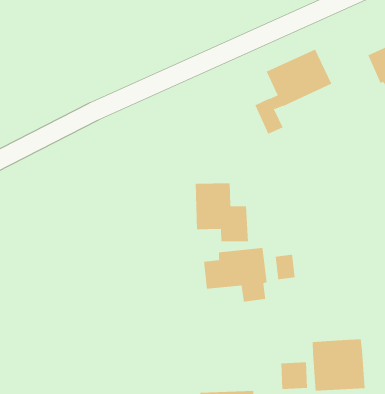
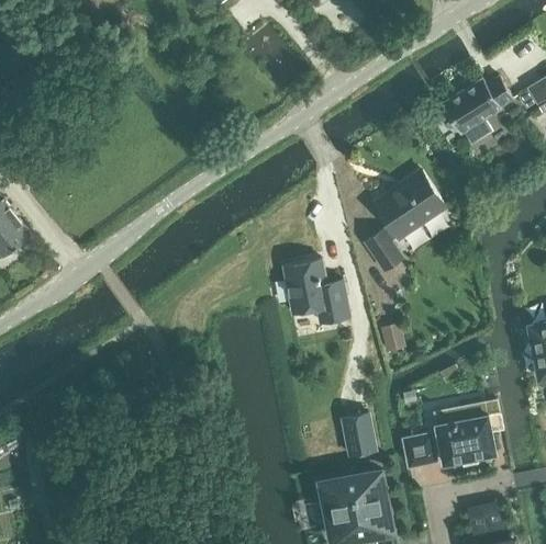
building: [254,49,332,135] -> [367,173,445,271]
building: [203,247,267,303] -> none
building: none -> [343,416,376,457]

